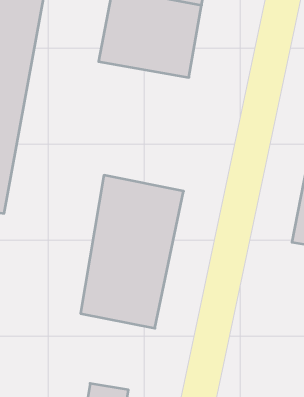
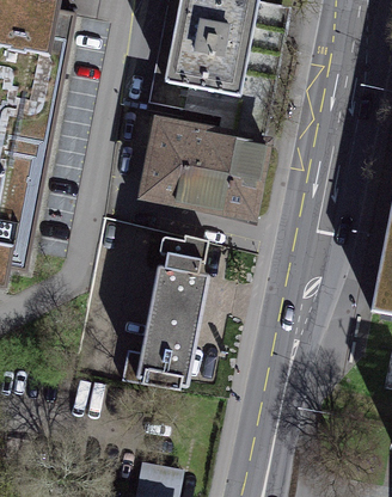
building: none -> [117,118,265,231]

